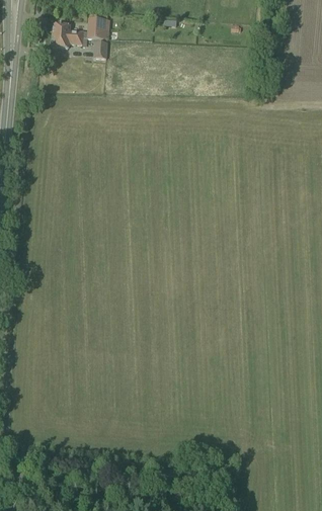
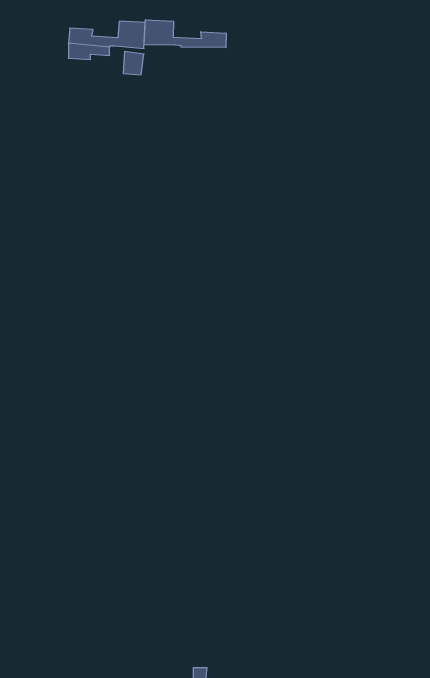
building: none -> [144,20,226,48]

